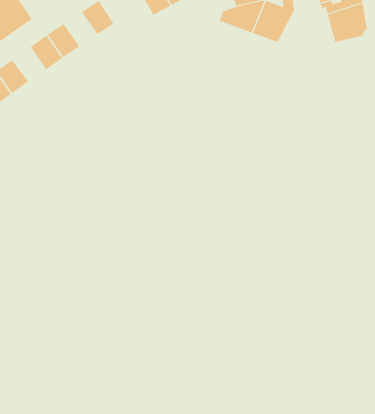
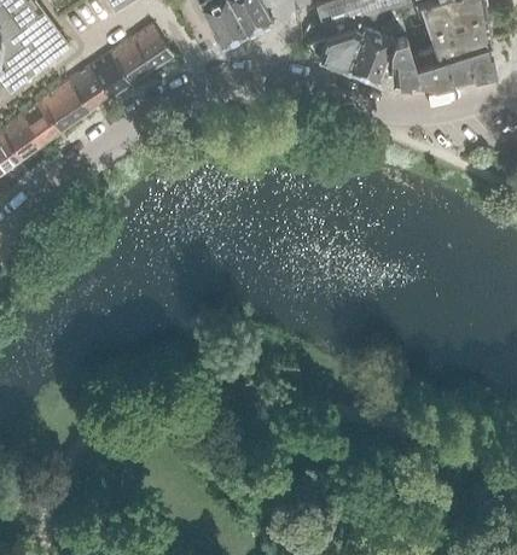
building: none -> [379,34,452,84]
building: none -> [108,41,150,84]
building: none -> [42,86,85,129]

